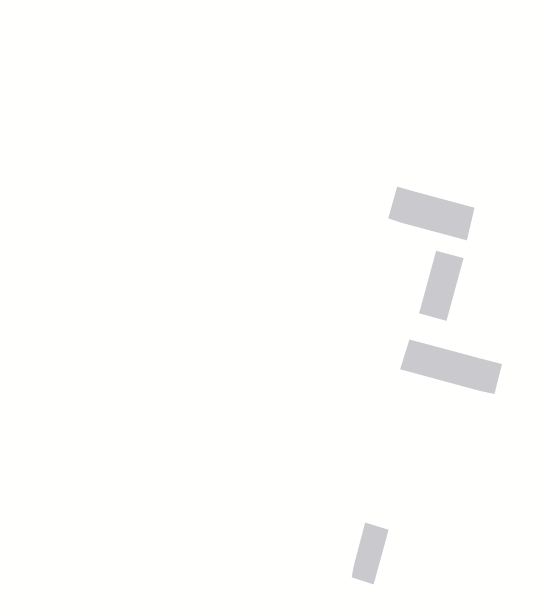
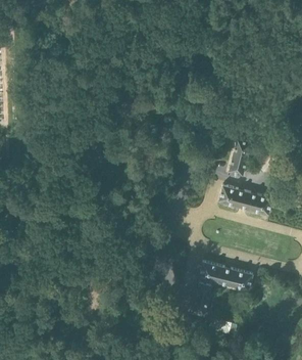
building: [387,186,475,241] -> none
building: none -> [198,261,253,290]

